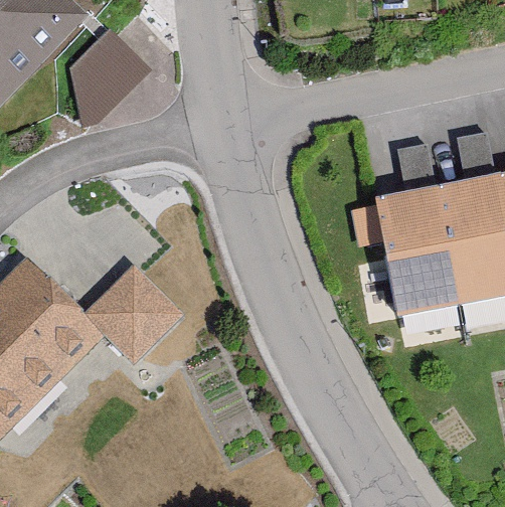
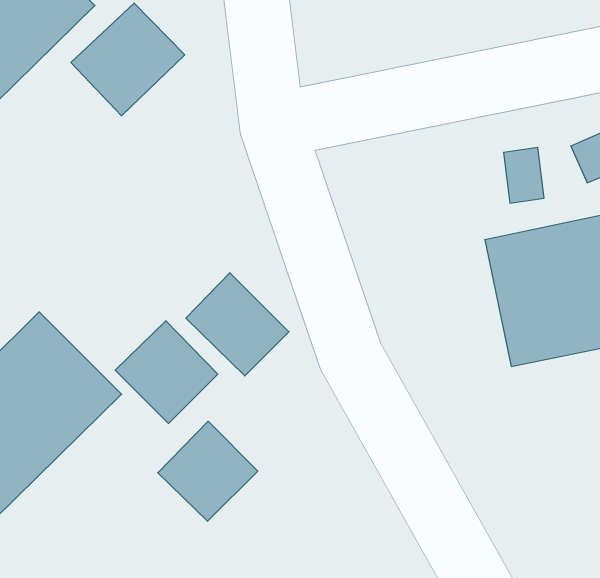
building: none -> [186,273,289,376]
building: none -> [158,421,258,521]

